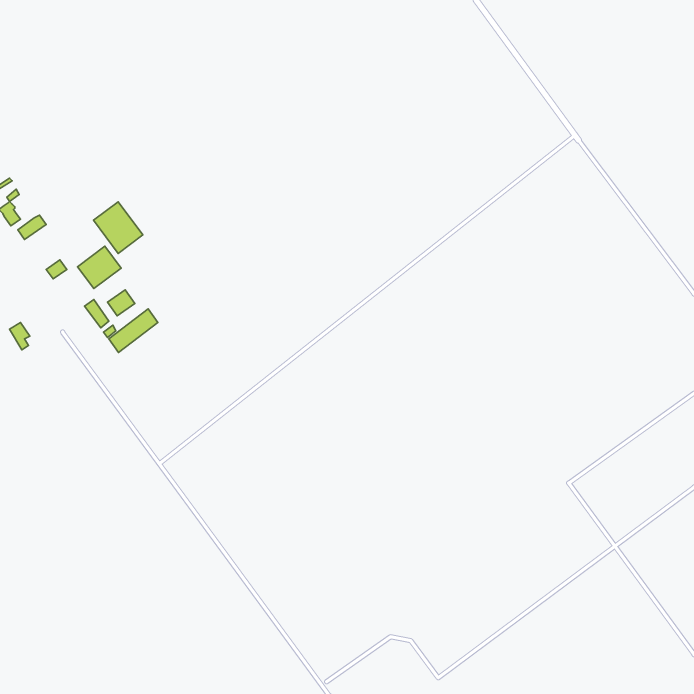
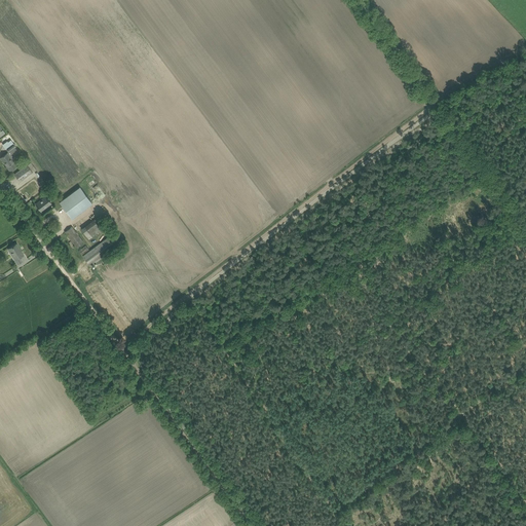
building: [93,202,143,253] -> none

